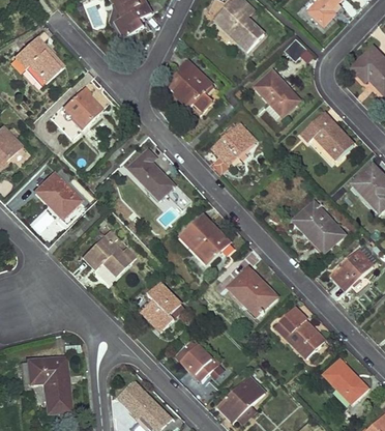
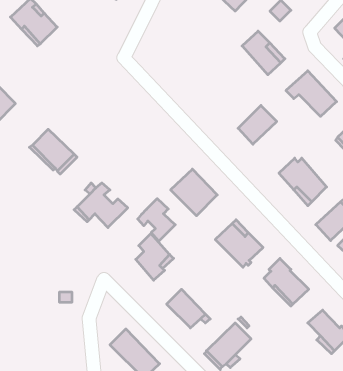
building: [170,60,211,116] -> none
building: [61,88,100,128] -> none
building: [214,122,255,163] -> [238,105,277,144]
building: [128,150,173,200] -> none
building: none -> [138,199,175,241]
building: [27,357,68,413] -> none

